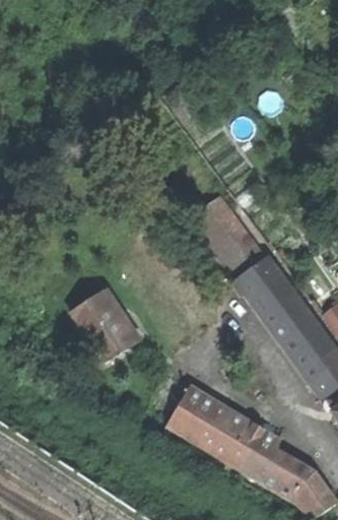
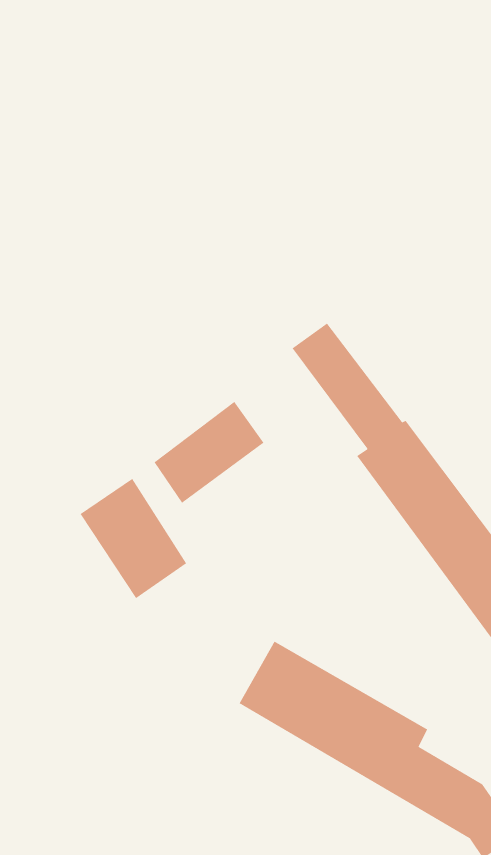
building: none -> [153,401,265,504]

